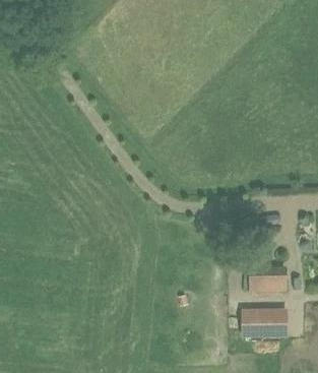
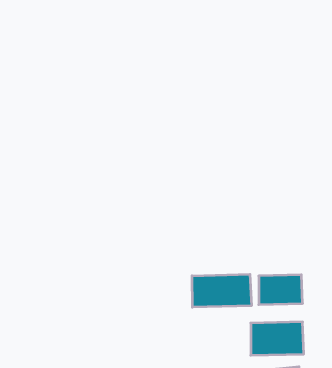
building: none -> [192,274,251,307]

